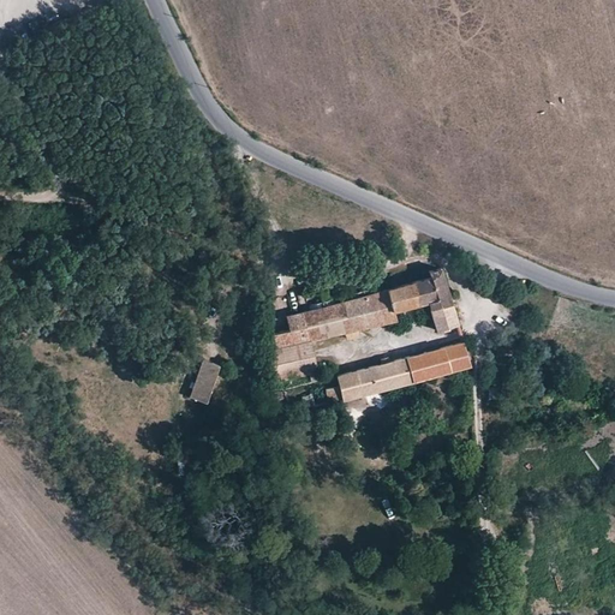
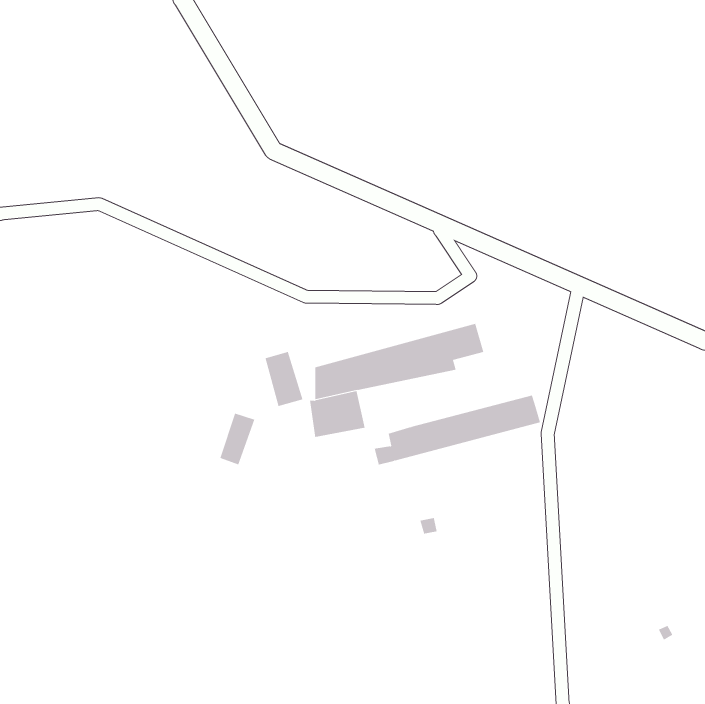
building: [414,269,460,332] -> none
building: none -> [265,351,303,407]

